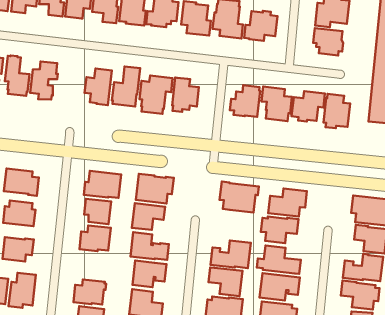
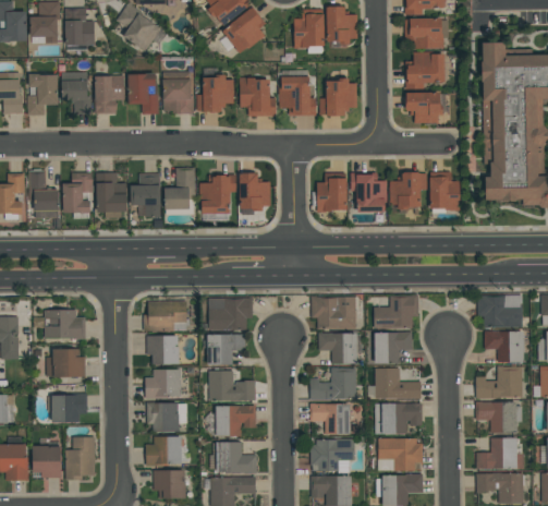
building: none -> [96,172,126,218]
building: none -> [318,332,362,364]
building: none -> [146,401,187,432]

